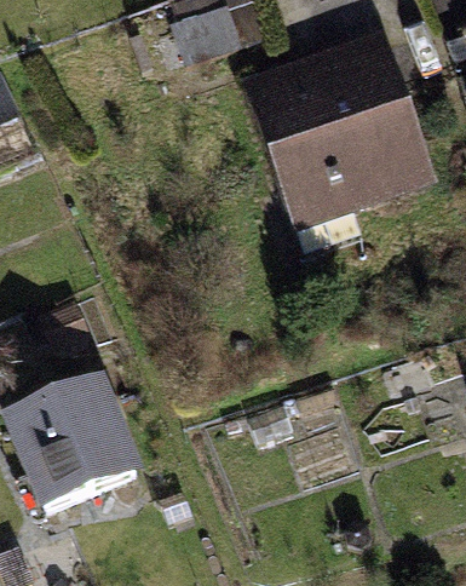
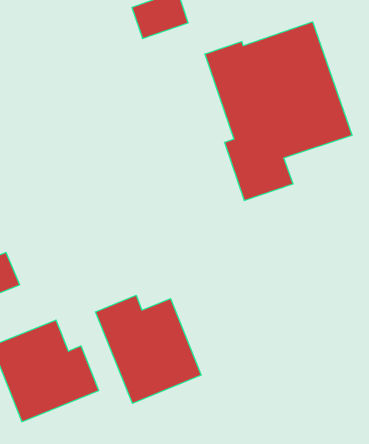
building: none -> [96,295,201,403]

